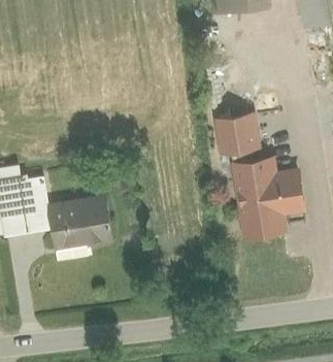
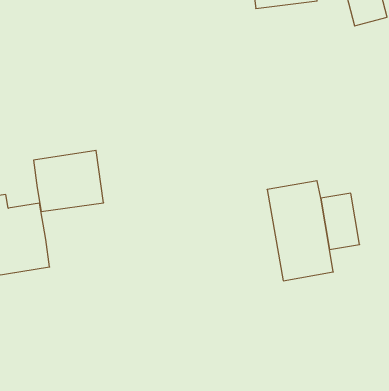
building: [213,113,260,154] -> none
building: [48,197,106,248] -> [34,150,104,212]

